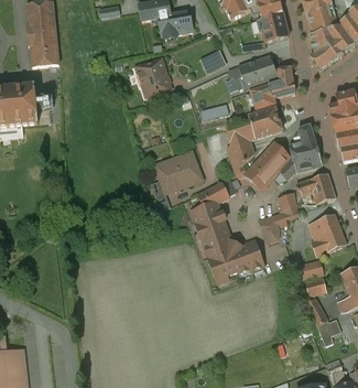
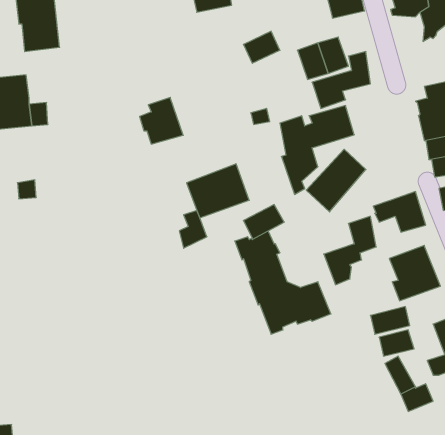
building: [310,36,335,69] -> none
building: [138,58,171,94] -> [140,97,183,144]
building: [280,123,322,179] -> none

